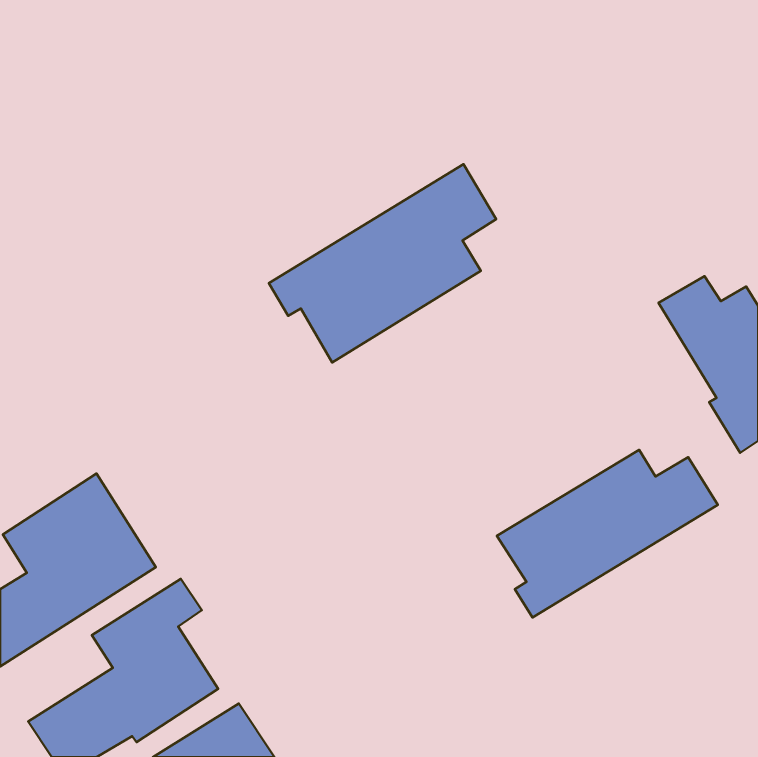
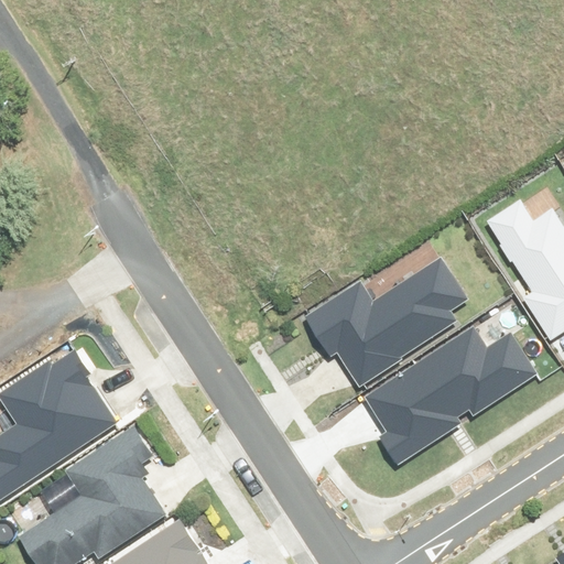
building: [269,164,496,363] -> none
building: none -> [306,262,466,382]

